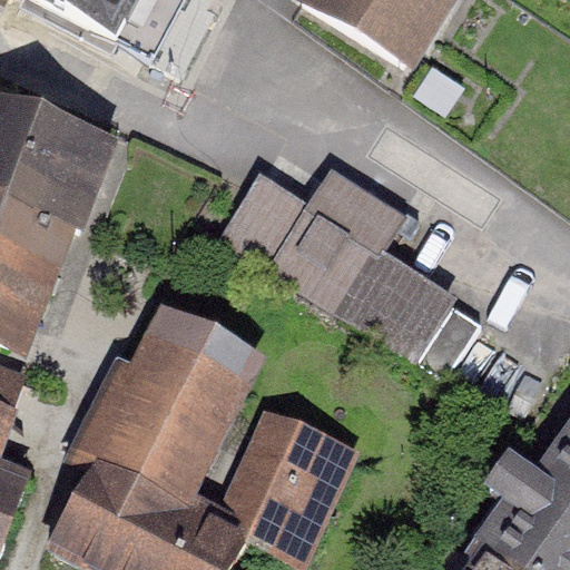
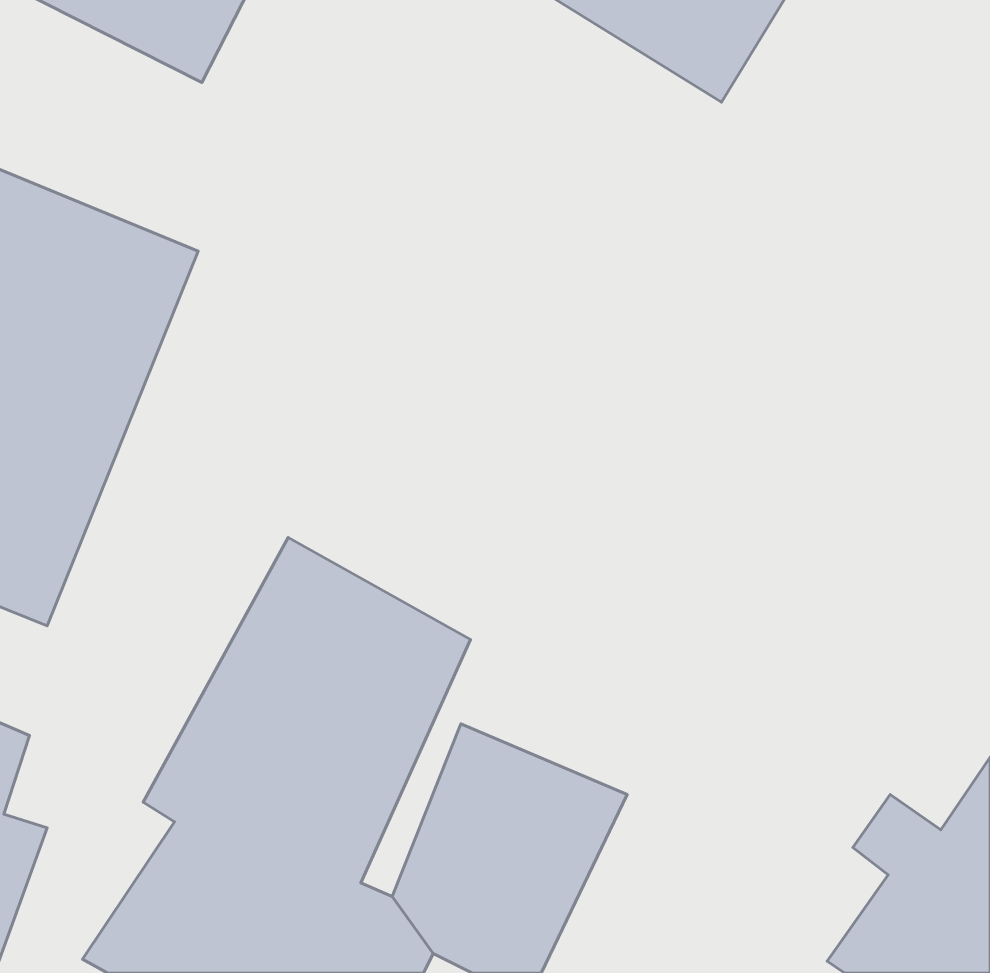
building: [213,168,452,360] -> none

